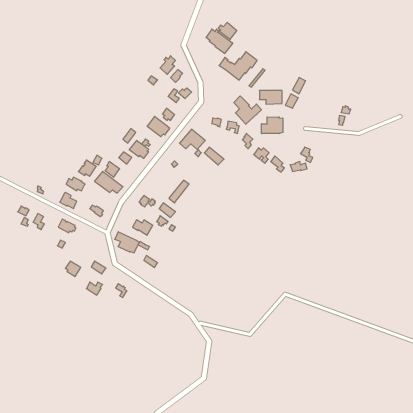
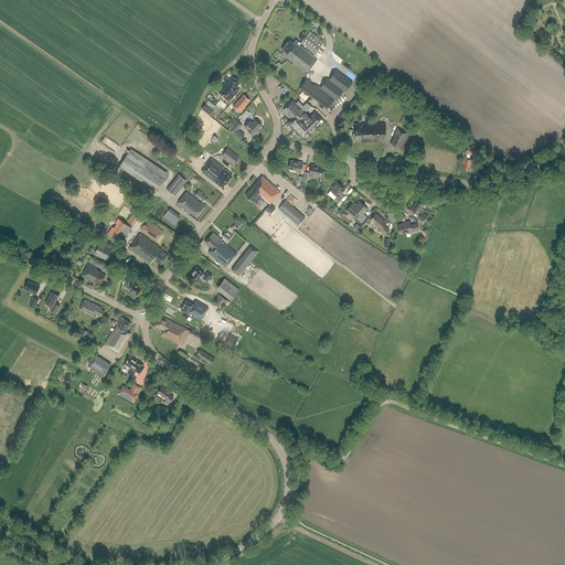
building: [234,96,261,124] -> [284,100,321,139]
building: none -> [119,149,168,191]
building: [262,117,283,134] -> none
building: none -> [205,233,236,267]
building: none -> [104,318,131,353]

